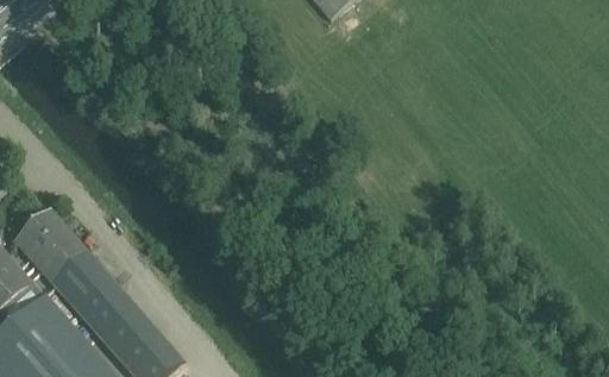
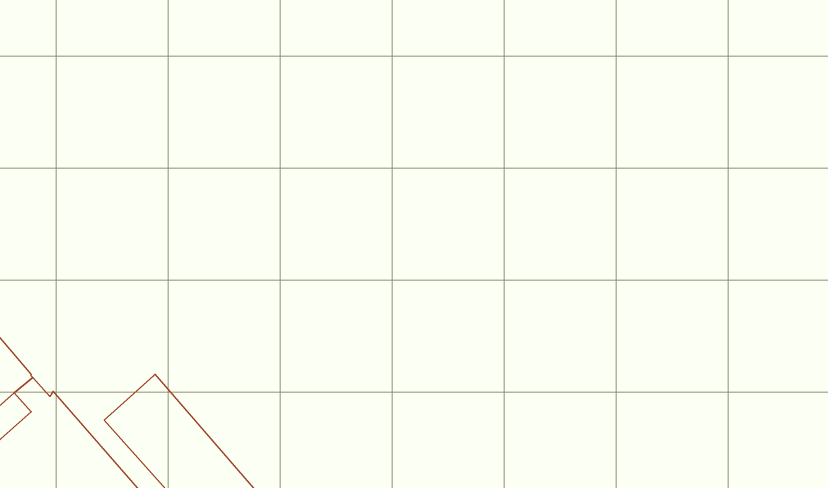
building: [15,209,115,315] -> none

